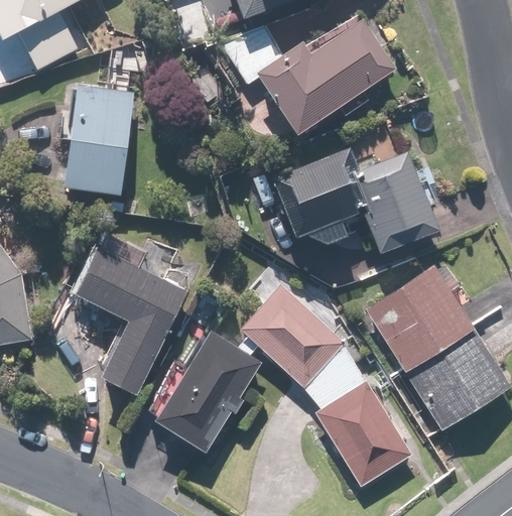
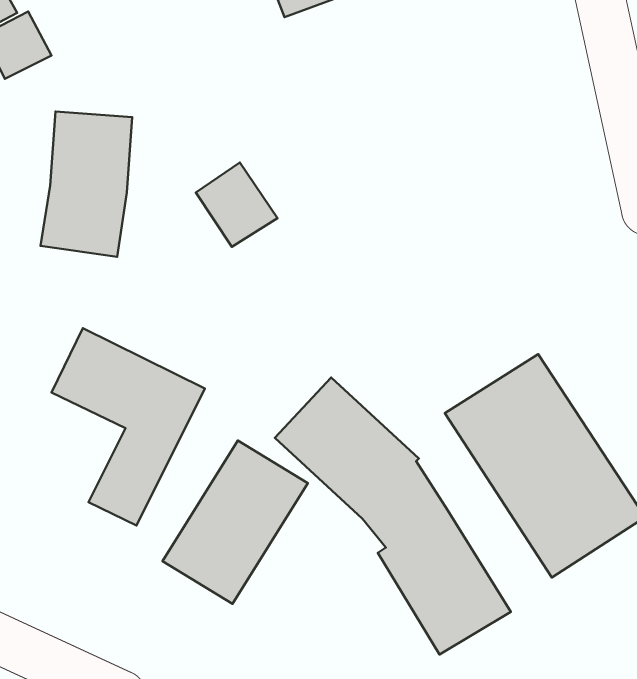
building: [219,18,398,135] -> none
building: none -> [196,163,277,247]
building: [274,147,437,252] -> none

